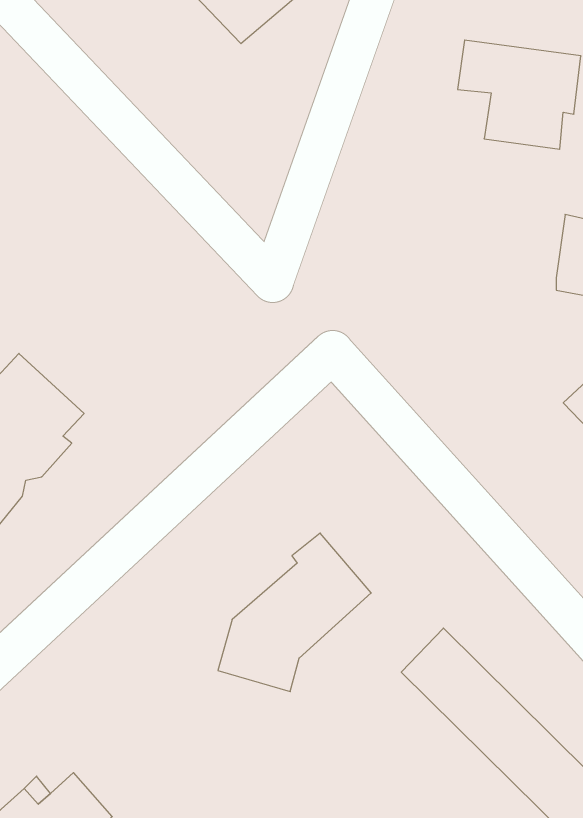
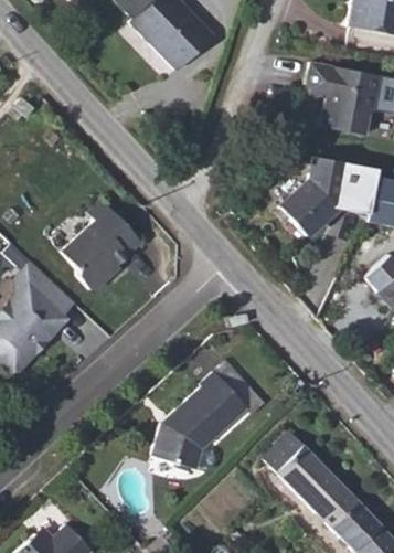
building: none -> [274,157,373,241]
building: none -> [63,198,137,285]

